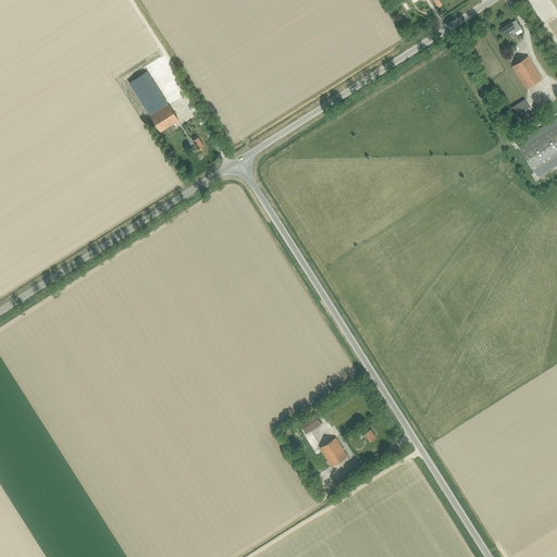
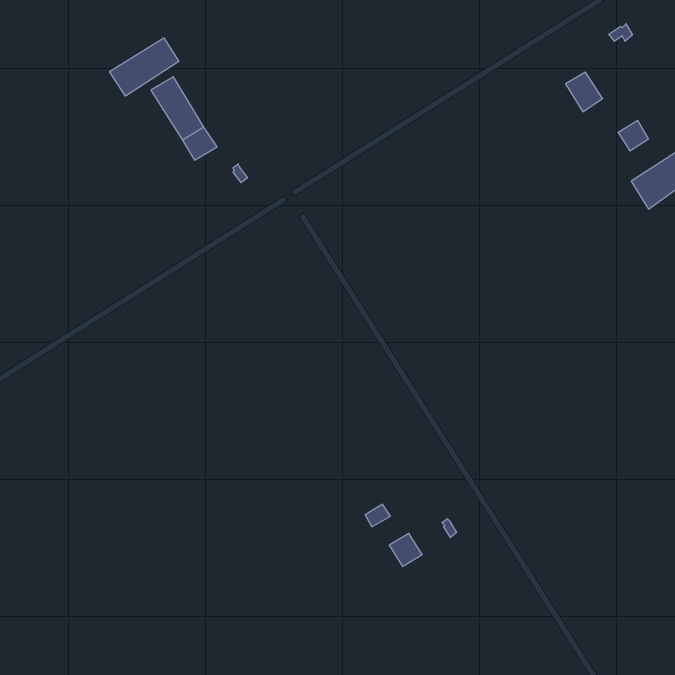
building: none -> [109,38,179,96]
building: [512,58,543,90] -> [566,72,603,112]

